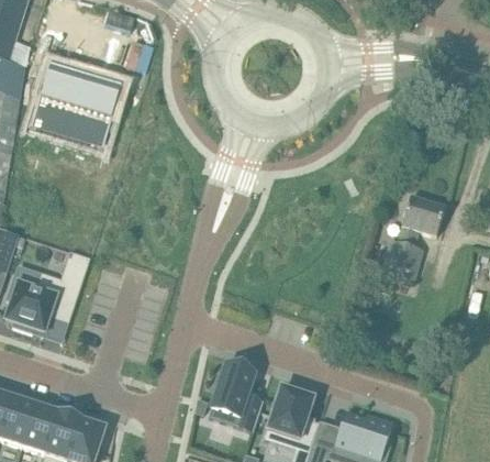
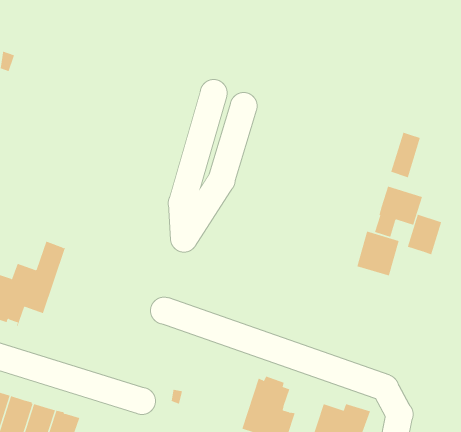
building: [34,60,121,143] -> none
building: none -> [391,132,421,178]
building: none -> [407,214,442,255]
building: [208,362,263,428] -> none

